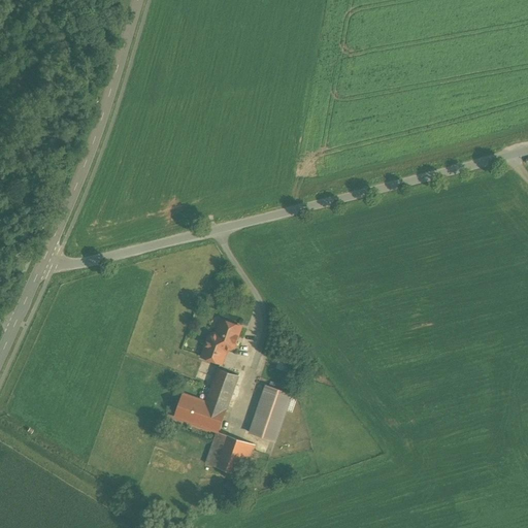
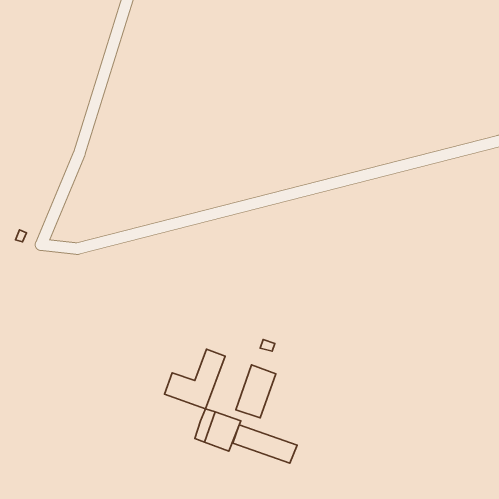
building: [200,319,240,363] -> none
building: none -> [233,425,297,463]

